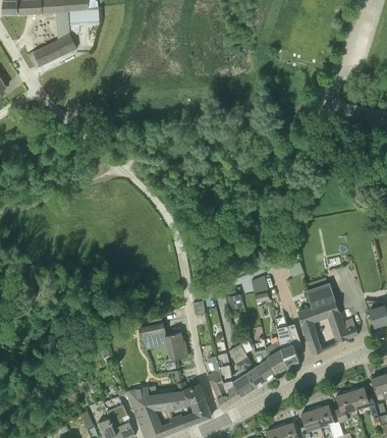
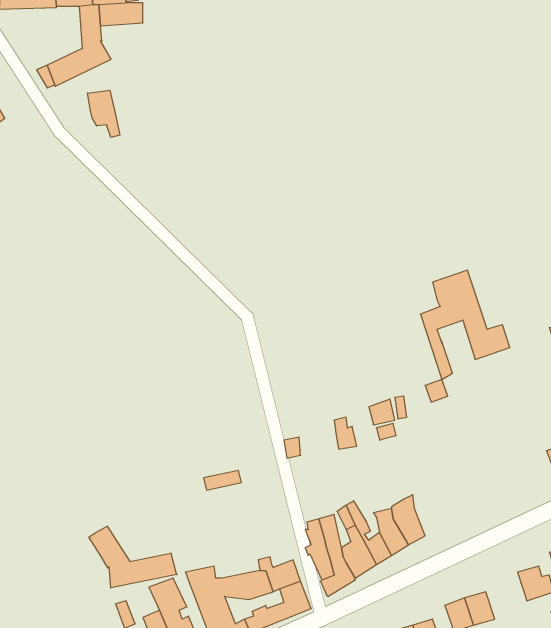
building: none -> [87,90,120,137]
building: [297,282,357,355] -> [420,270,510,379]
building: [274,316,301,367] -> none
building: [164,333,186,360] -> none
building: none -> [89,526,177,588]
building: [334,391,355,423] -> none

